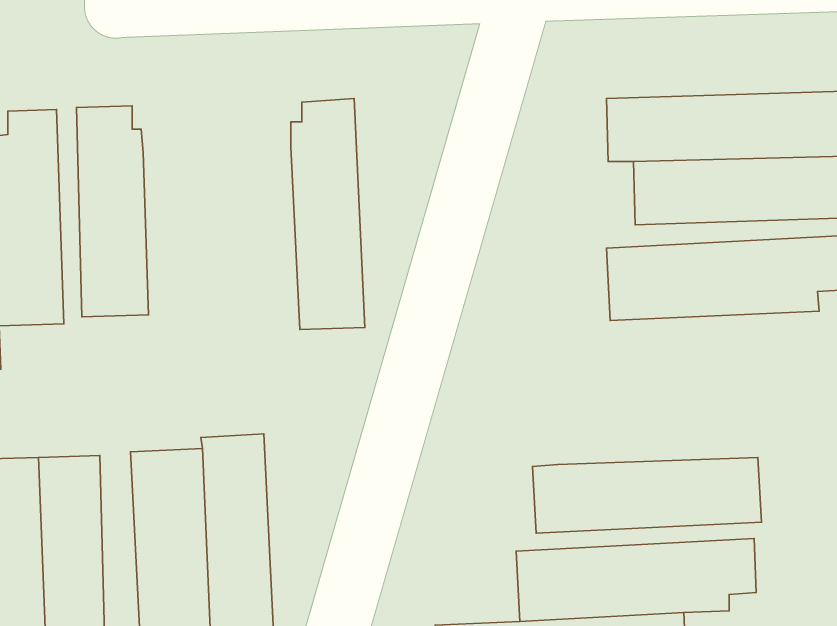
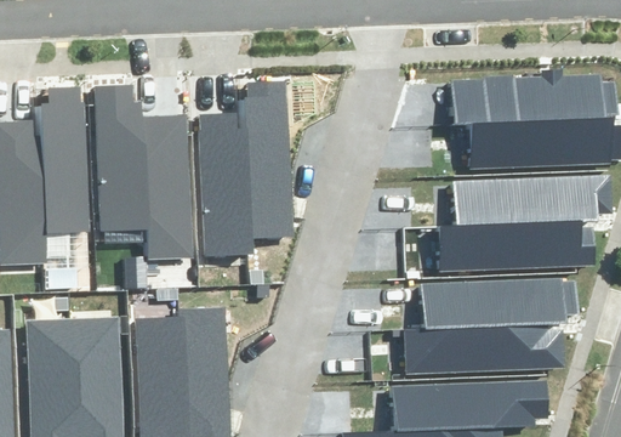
building: none -> [194,112,247,256]
building: none -> [141,114,192,256]
building: none -> [440,222,598,268]
building: none -> [417,273,569,325]

